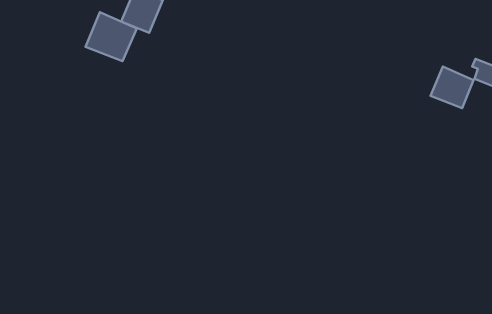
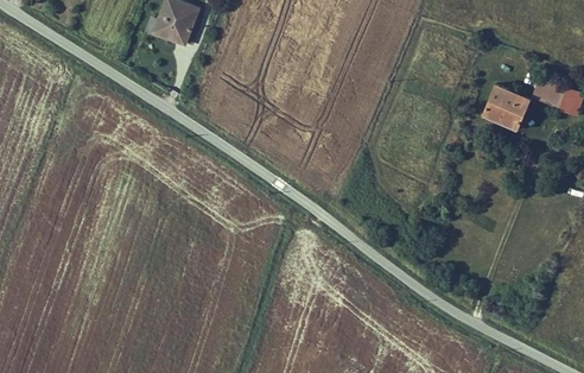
building: [85,12,137,61] -> none

